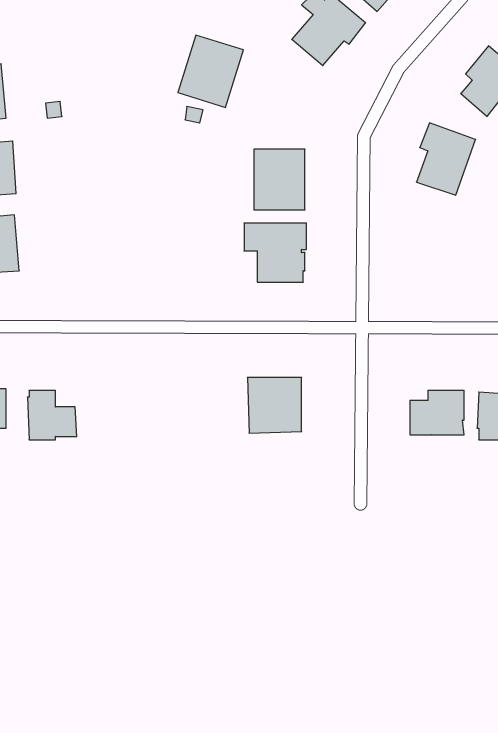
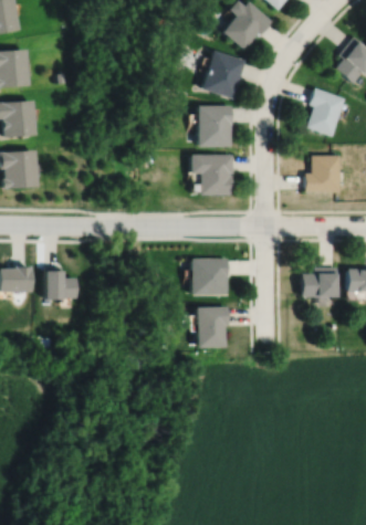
building: [178,35,243,107] -> [201,50,245,98]
building: none -> [305,155,341,192]
building: none -> [198,307,229,348]

